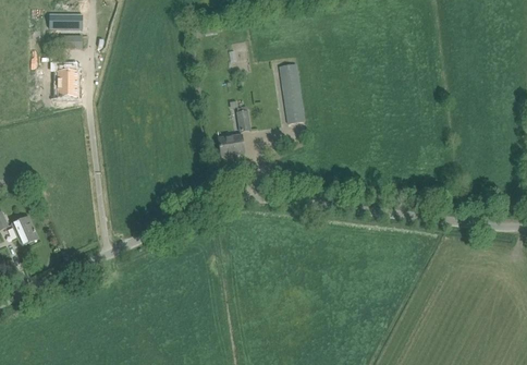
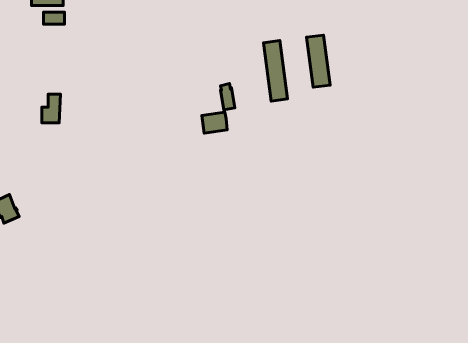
building: none -> [306,35,330,87]
building: [60,64,78,93] -> [42,94,60,123]

